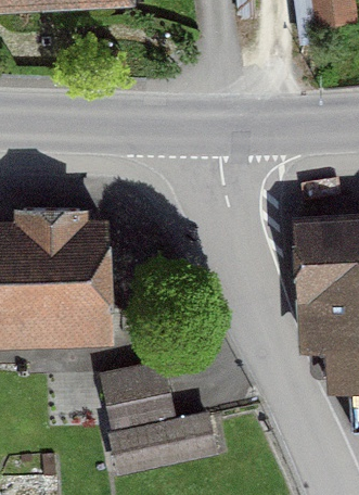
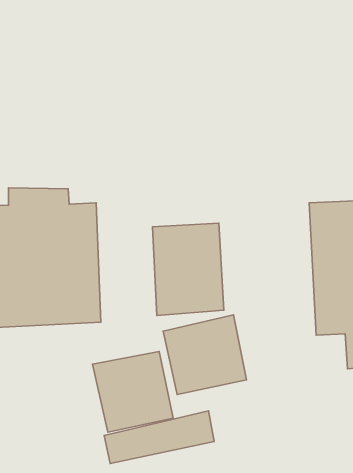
building: none -> [153,223,224,315]
building: none -> [163,315,247,395]

